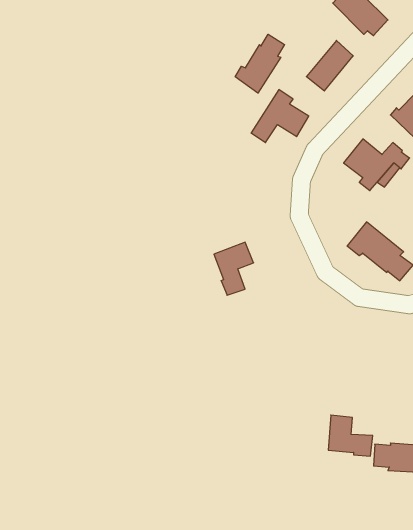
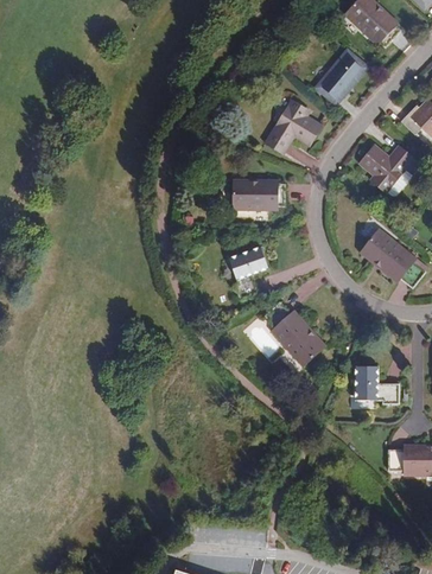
building: [235,34,285,93] -> none
building: none -> [233,179,284,209]
building: none -> [265,302,324,365]
building: [328,415,373,456] -> [352,365,396,406]

